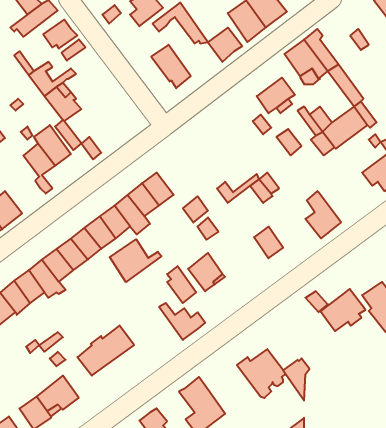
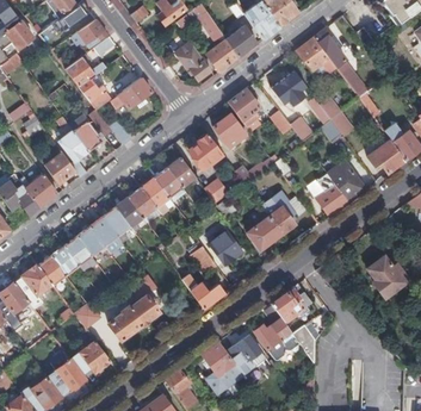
building: none -> [206,39,240,71]
building: none -> [112,79,151,108]
building: none -> [228,88,260,126]
building: none -> [213,114,246,148]
building: none -> [187,133,223,169]
building: none -> [44,152,75,185]
building: none -> [327,162,365,203]
building: none -> [247,216,281,249]
building: [110,239,161,282] -> none
building: [321,289,365,331] -> [271,284,311,322]
building: none -> [225,335,266,375]

